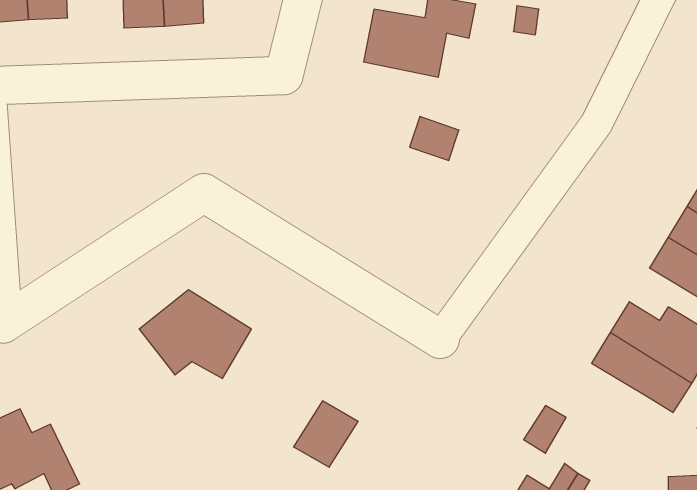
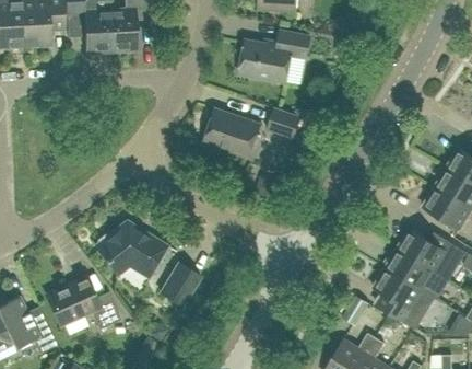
building: none -> [204,108,261,158]
building: none -> [374,267,434,328]
building: none -> [46,277,121,330]
building: [293,401,358,467] -> [160,263,201,305]

